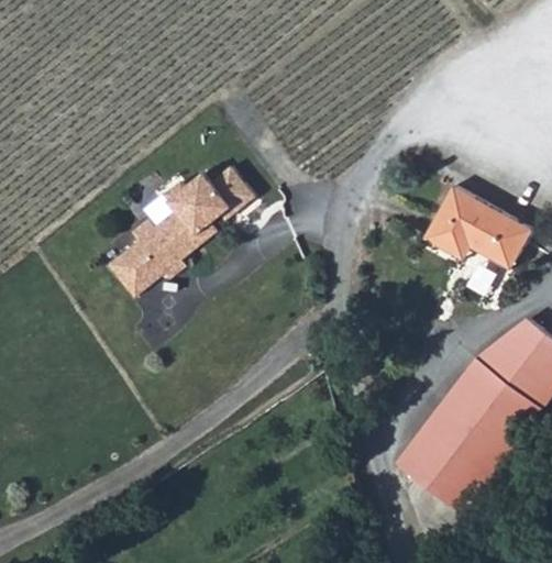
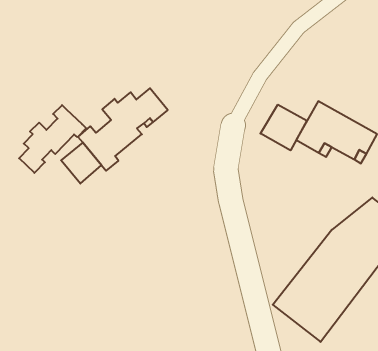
building: none -> [260,105,307,150]
building: none -> [19,105,86,173]

